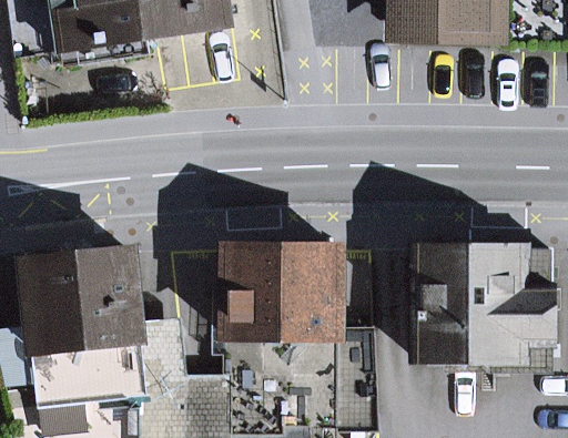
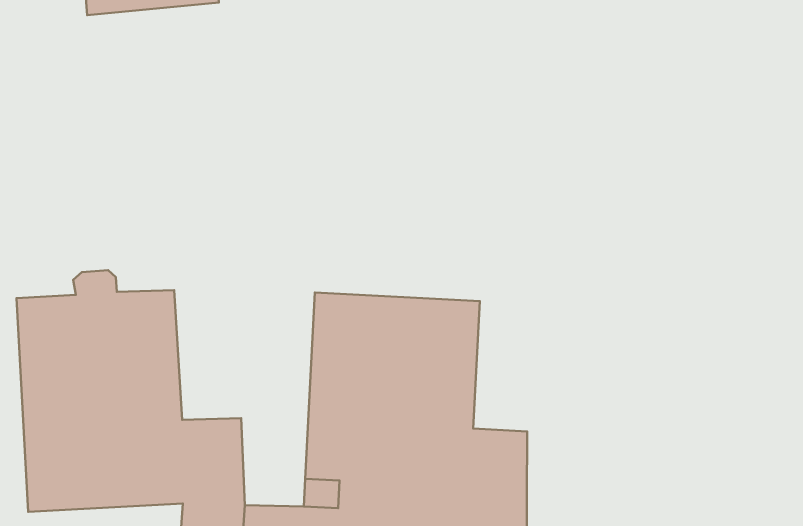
building: [414,241,550,357] -> none

